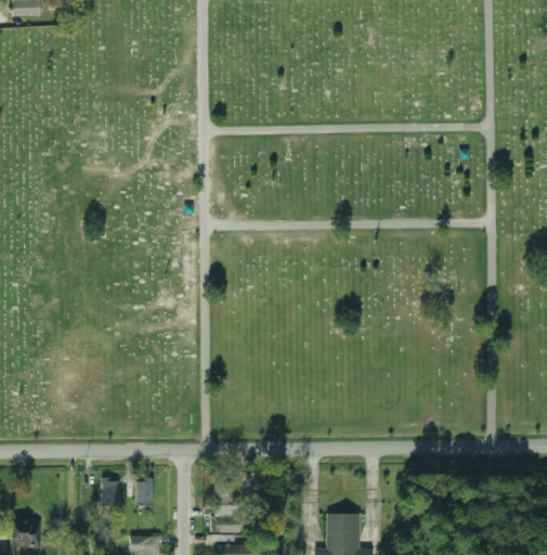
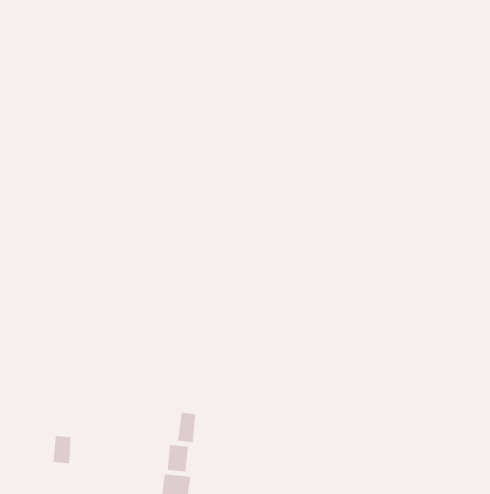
building: none -> [177,412,196,443]
building: [136,481,154,507] -> none

